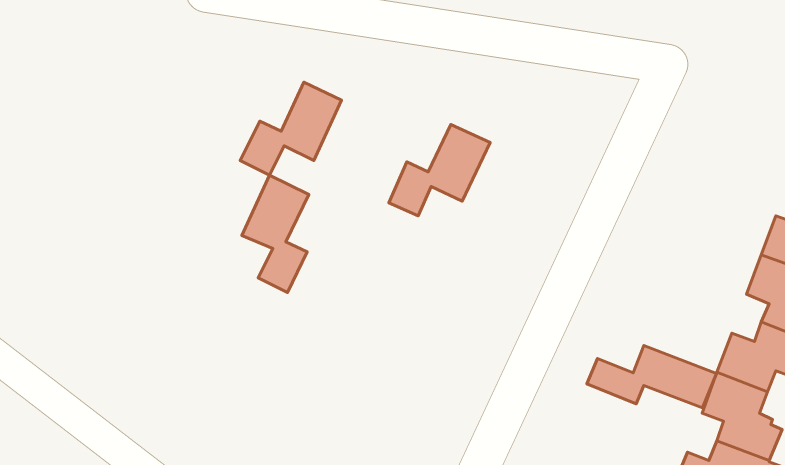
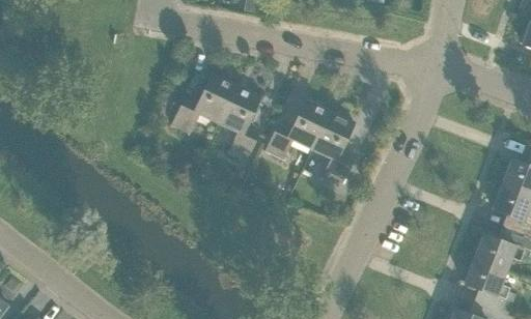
building: none -> [313,111,355,184]
building: [242,175,309,292] -> [219,84,261,158]
building: [587,345,717,408] -> none

